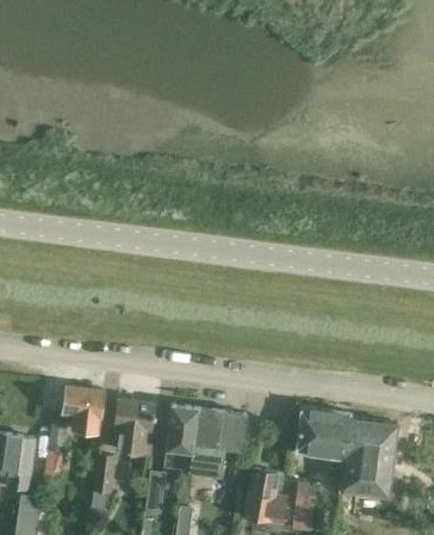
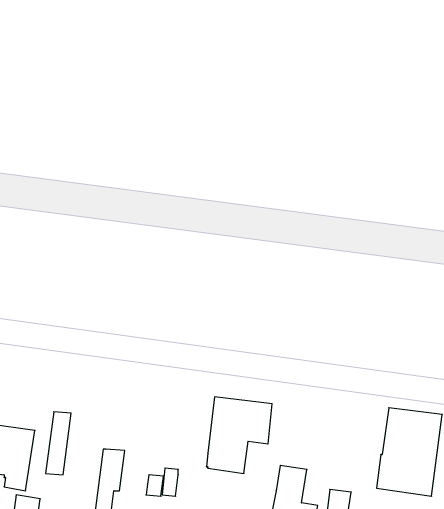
building: [63,386,105,433] -> none
building: [114,399,155,454] -> none
building: [165,405,196,471] -> none
building: [296,407,351,460] -> none

